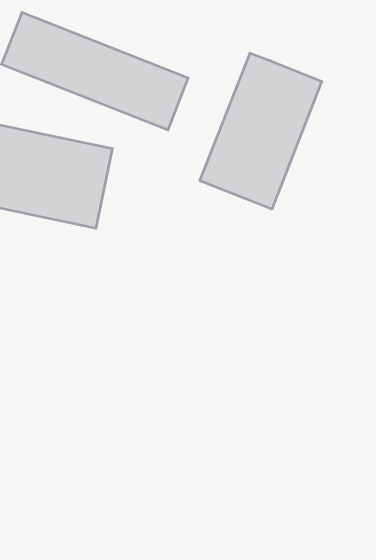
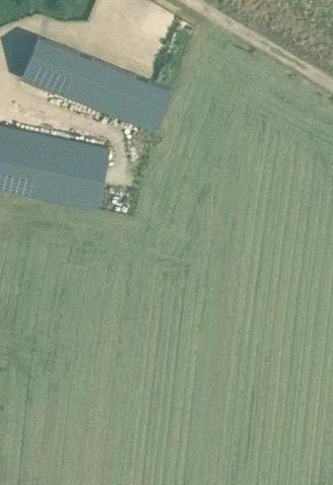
building: [200,53,322,209] -> none

